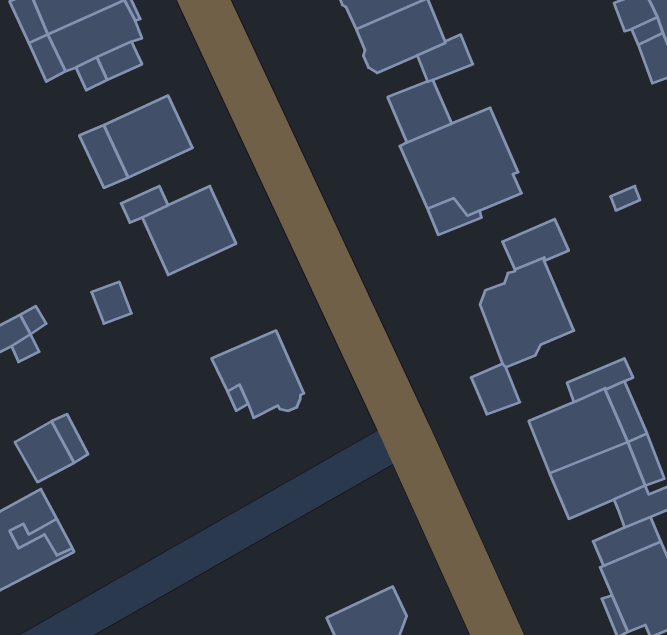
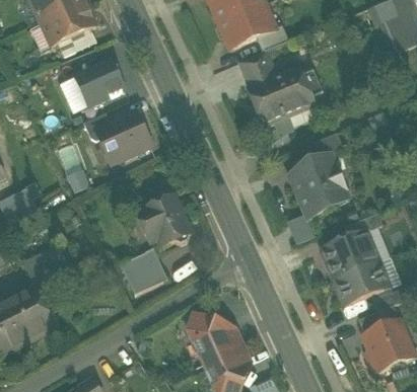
building: none -> [121,249,168,295]
building: none -> [189,314,242,364]

